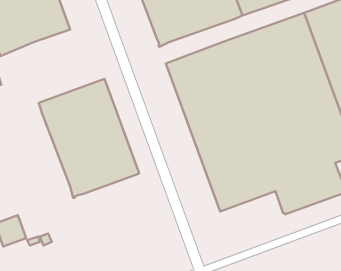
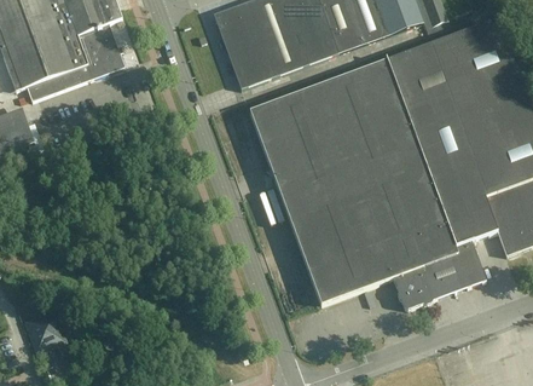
building: [39,79,139,198] -> none

